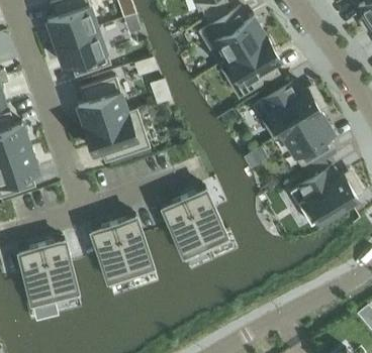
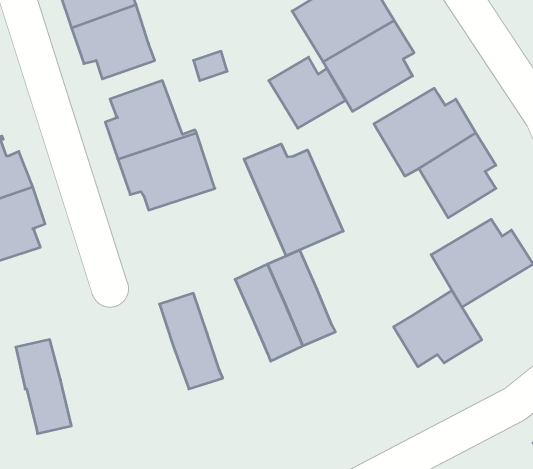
building: none -> [269,57,346,128]
building: none -> [244,144,343,256]
building: none -> [394,290,482,367]
building: [91,224,132,287] -> none
building: [41,241,79,304] -> none

